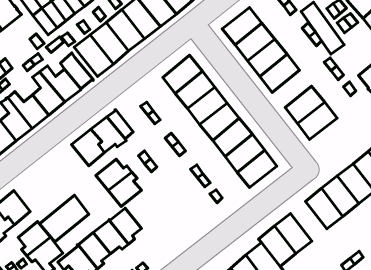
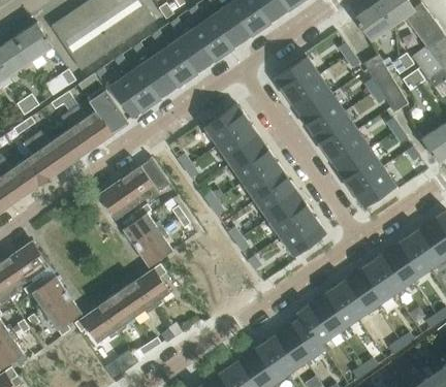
building: none -> [324,129,369,169]
building: [39,195,89,242] -> none
building: none -> [336,275,375,319]

